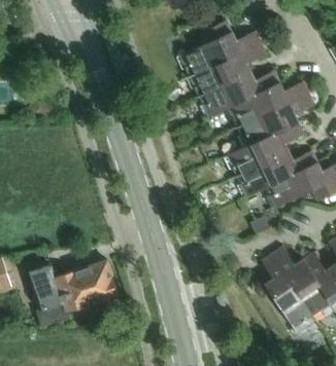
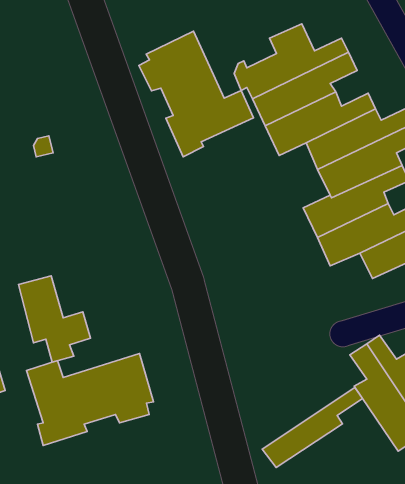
building: none -> [139,31,254,157]
building: none -> [18,276,90,362]
building: none -> [262,387,362,467]

